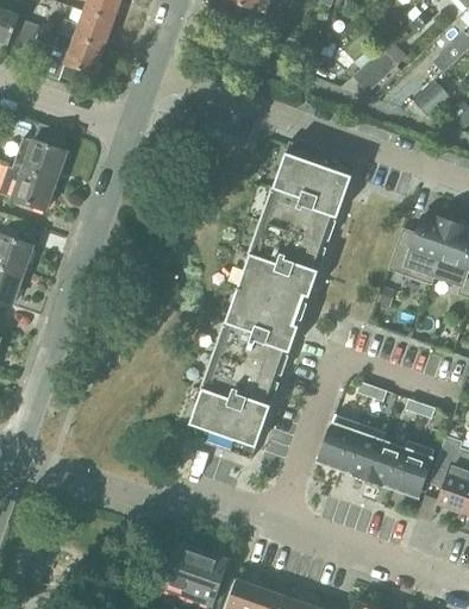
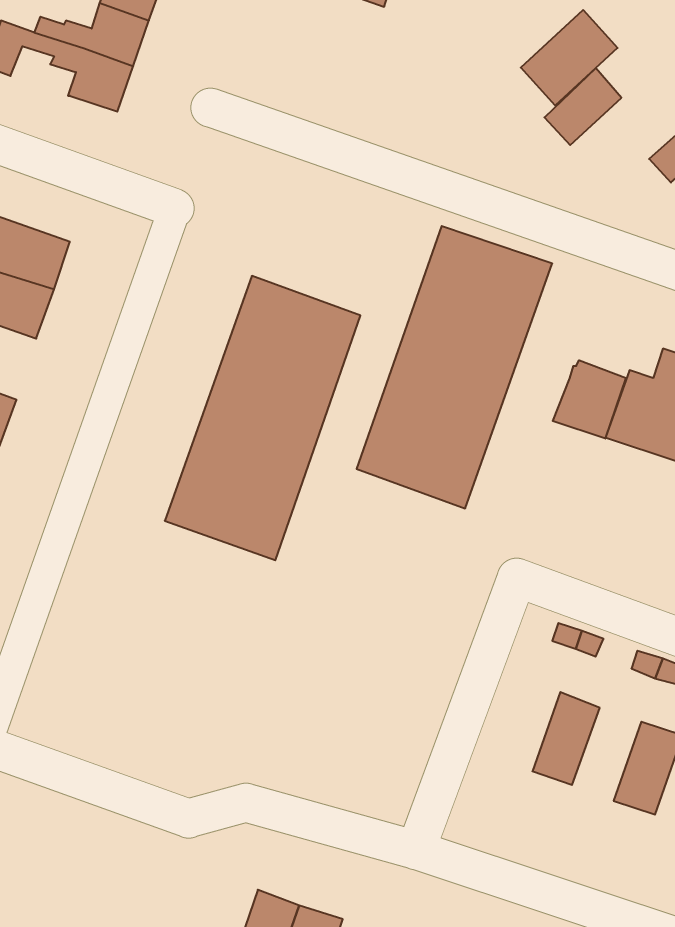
building: none -> [521,10,618,106]
building: none -> [553,360,626,439]
building: [185,288,302,459] -> [165,276,360,560]
building: [318,414,359,470] -> none
building: [367,432,408,488] -> none

